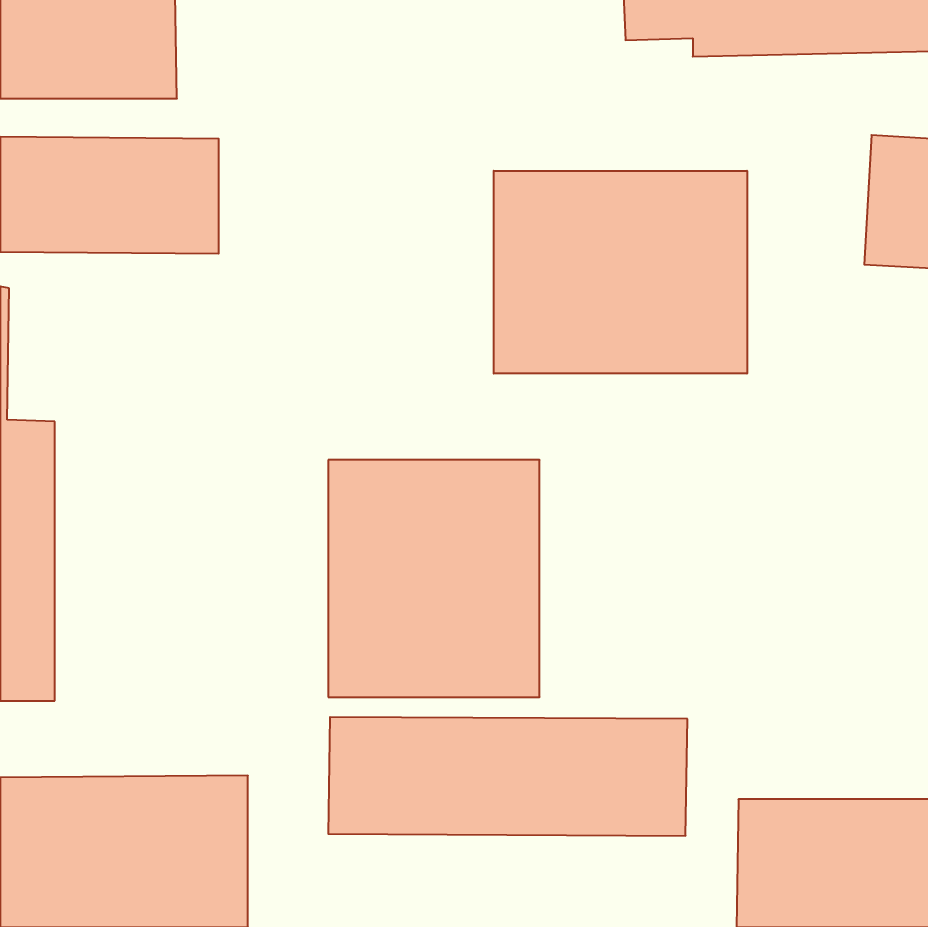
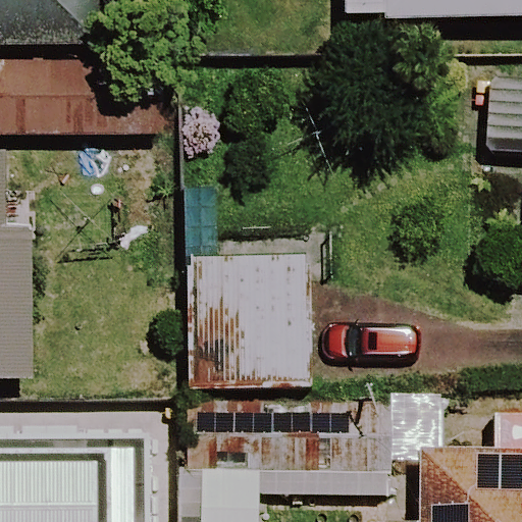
building: [494,171,747,374] -> none

